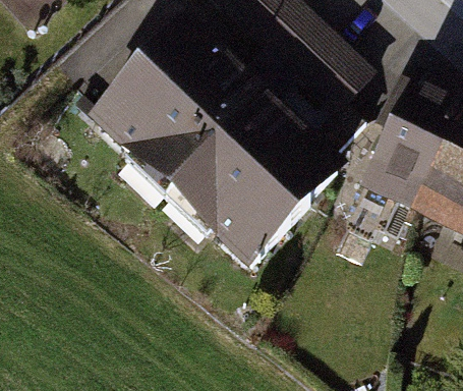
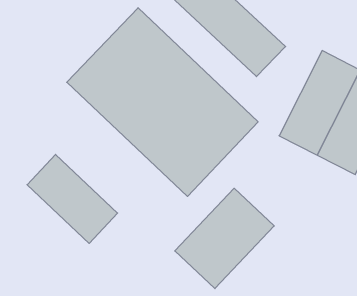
building: none -> [27,154,118,243]
building: none -> [175,188,274,289]

